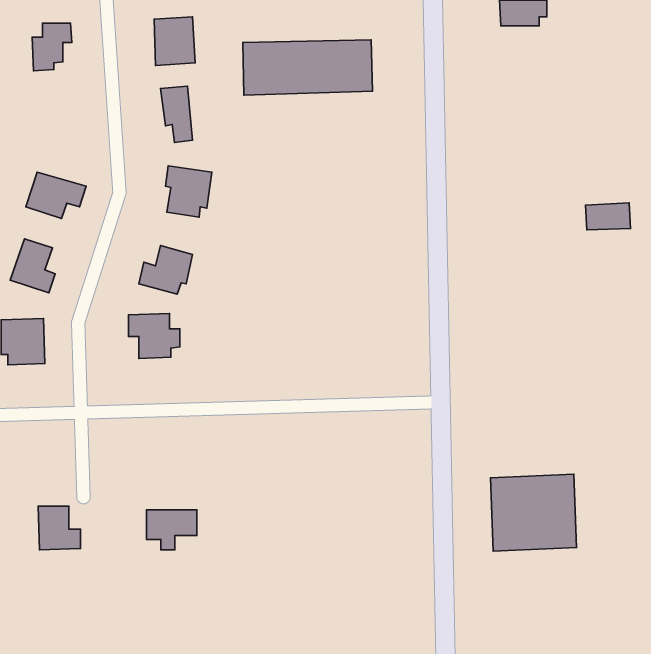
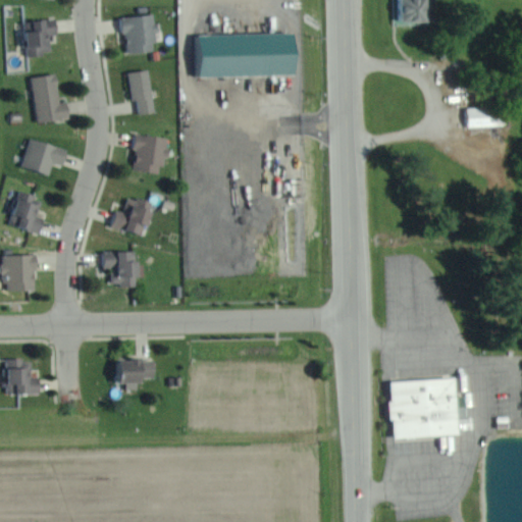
building: none -> [30,74,69,123]
building: [585,203,630,230] -> [466,107,502,128]
building: [38,506,80,550] -> [6,360,40,395]
building: [147,510,197,550] -> [114,360,154,392]

